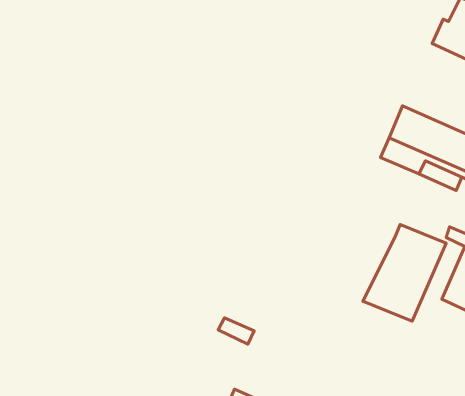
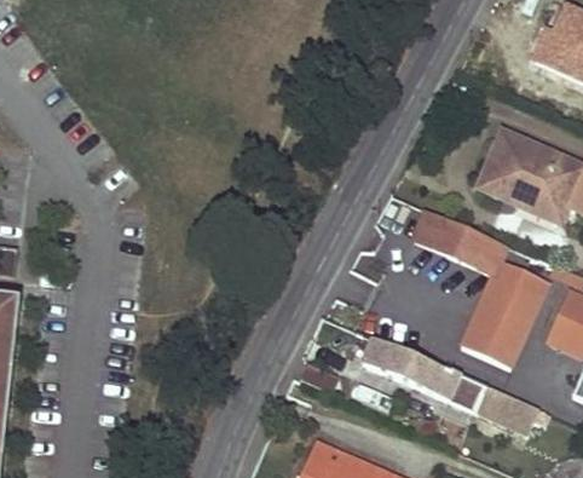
building: none -> [411,211,503,273]
building: none -> [360,338,529,428]

